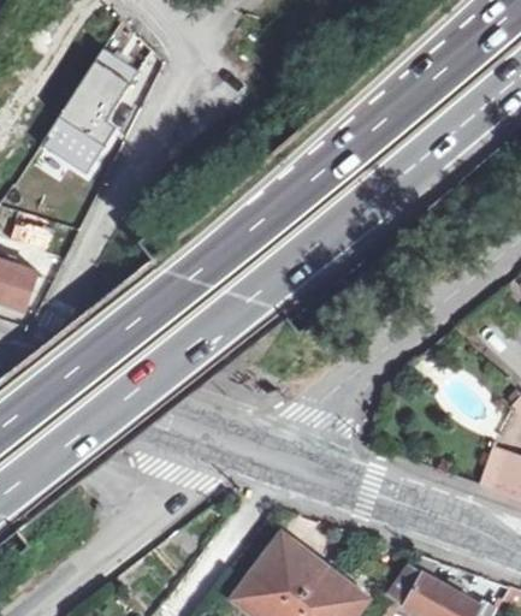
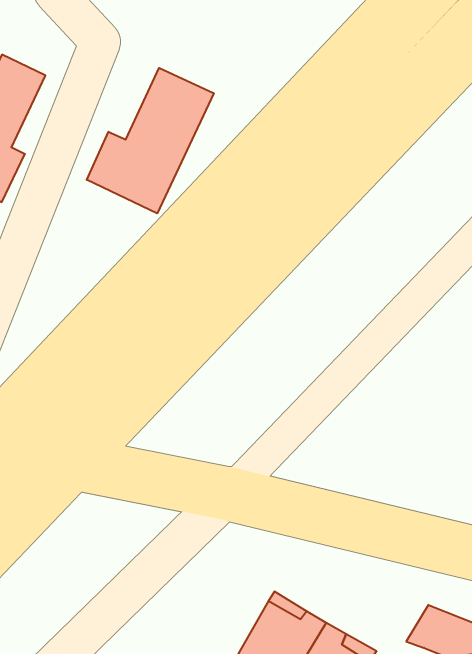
building: none -> [87,68,214,213]

